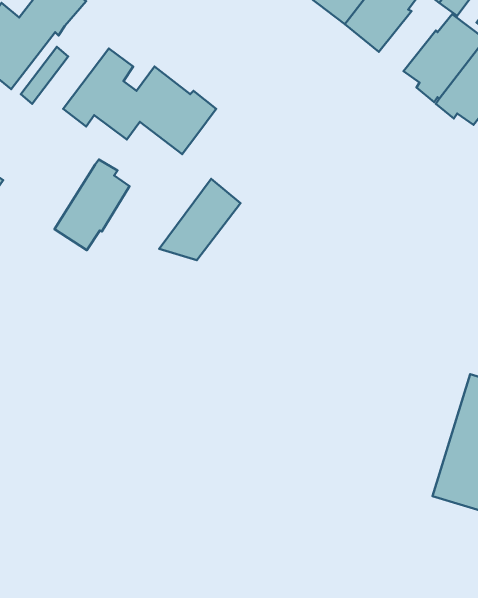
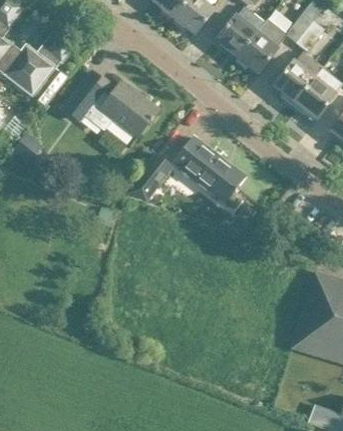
building: none -> [174,137,245,202]
building: [55,159,129,250] -> none

